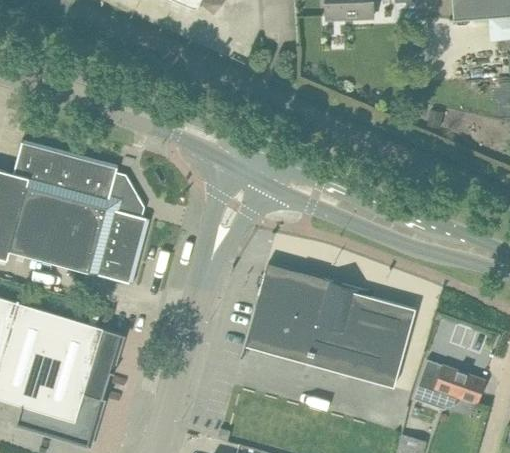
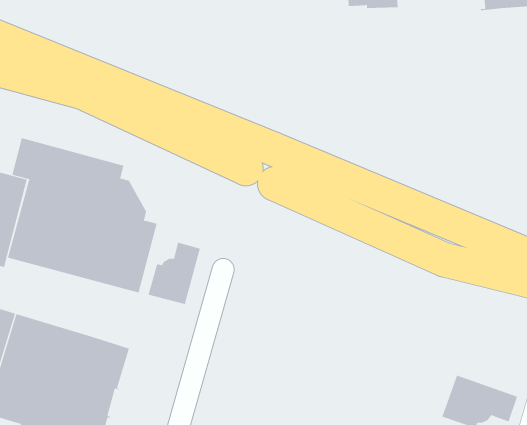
building: none -> [148,242,200,305]
building: [245,263,415,387] -> none

